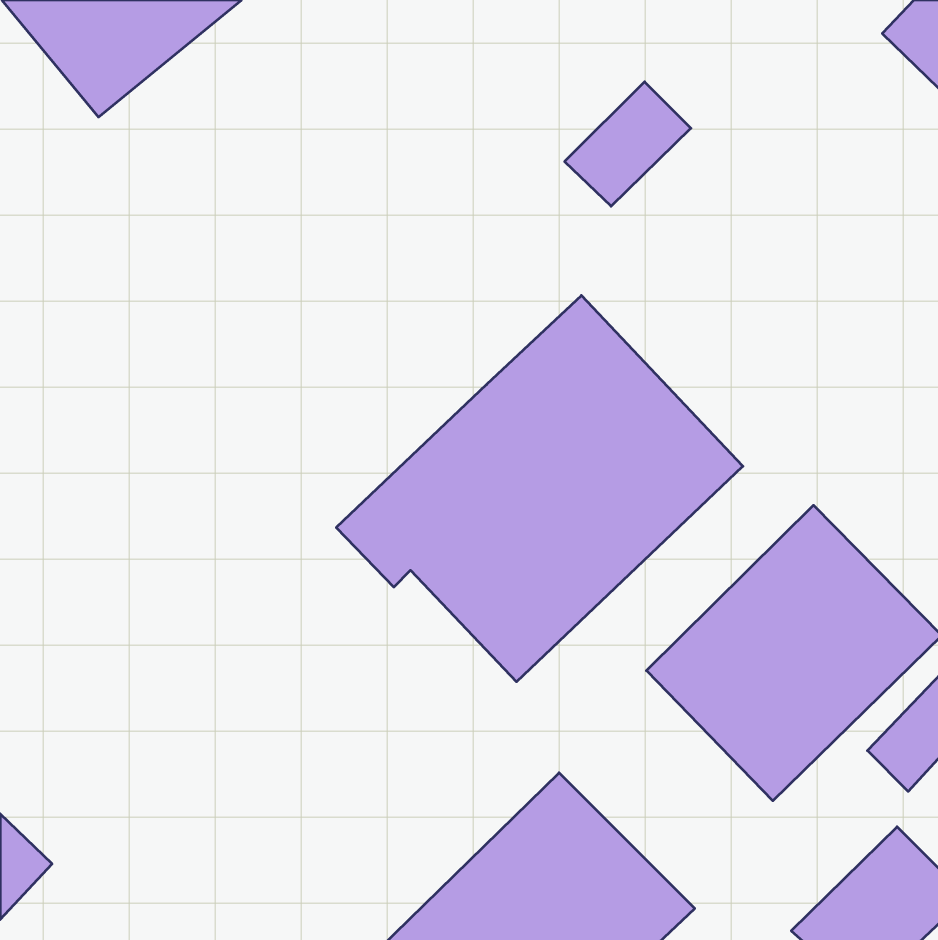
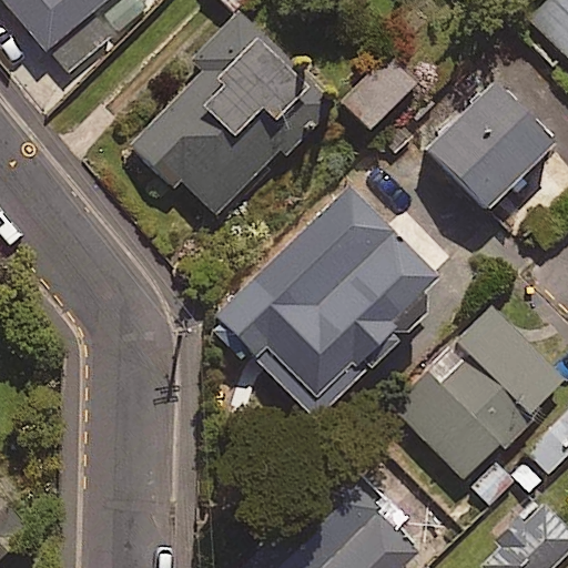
building: none -> [131,12,306,214]
building: none -> [424,81,554,209]

